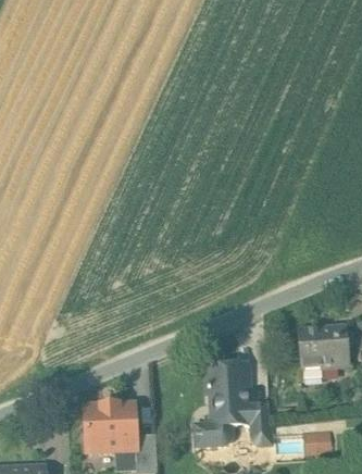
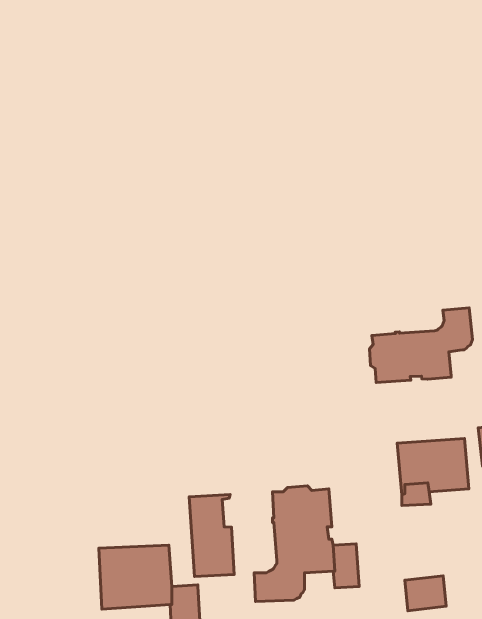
building: none -> [370,308,472,383]
building: none -> [189,494,234,576]

